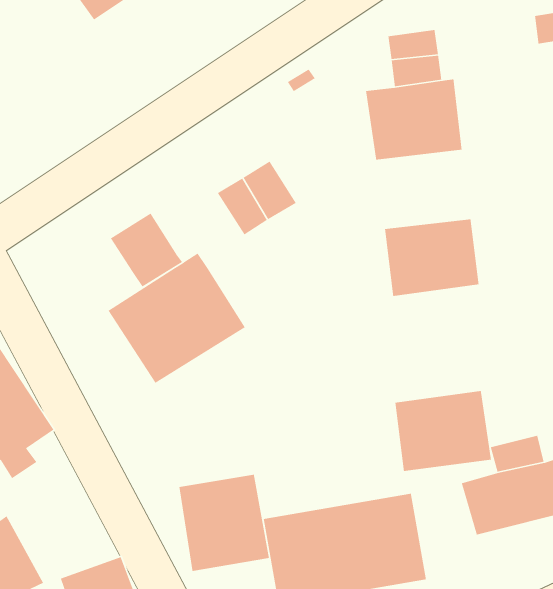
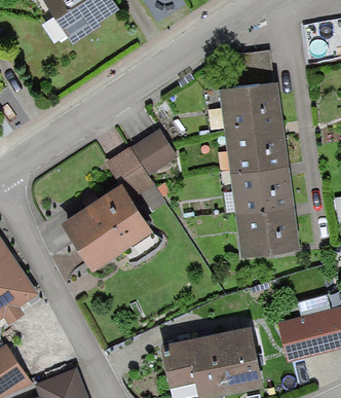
building: none -> [229,124,287,172]
building: [110,213,183,288] -> [109,150,153,195]
building: [395,390,492,472] -> [239,206,298,255]
building: [178,474,270,572] -> none

